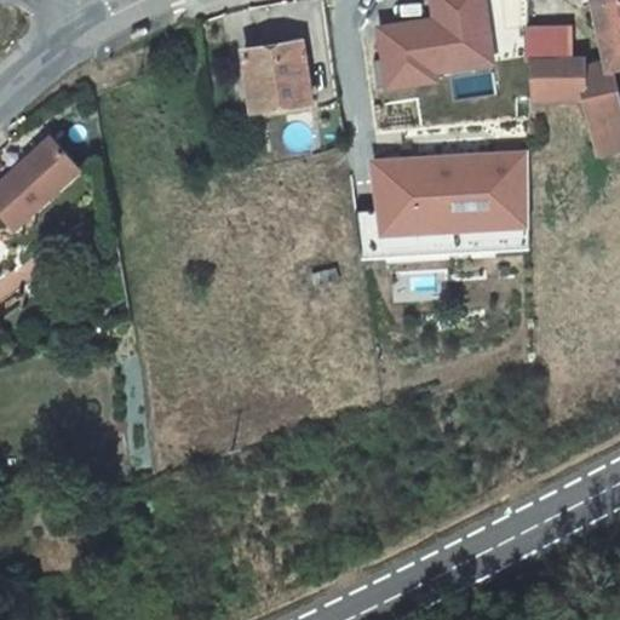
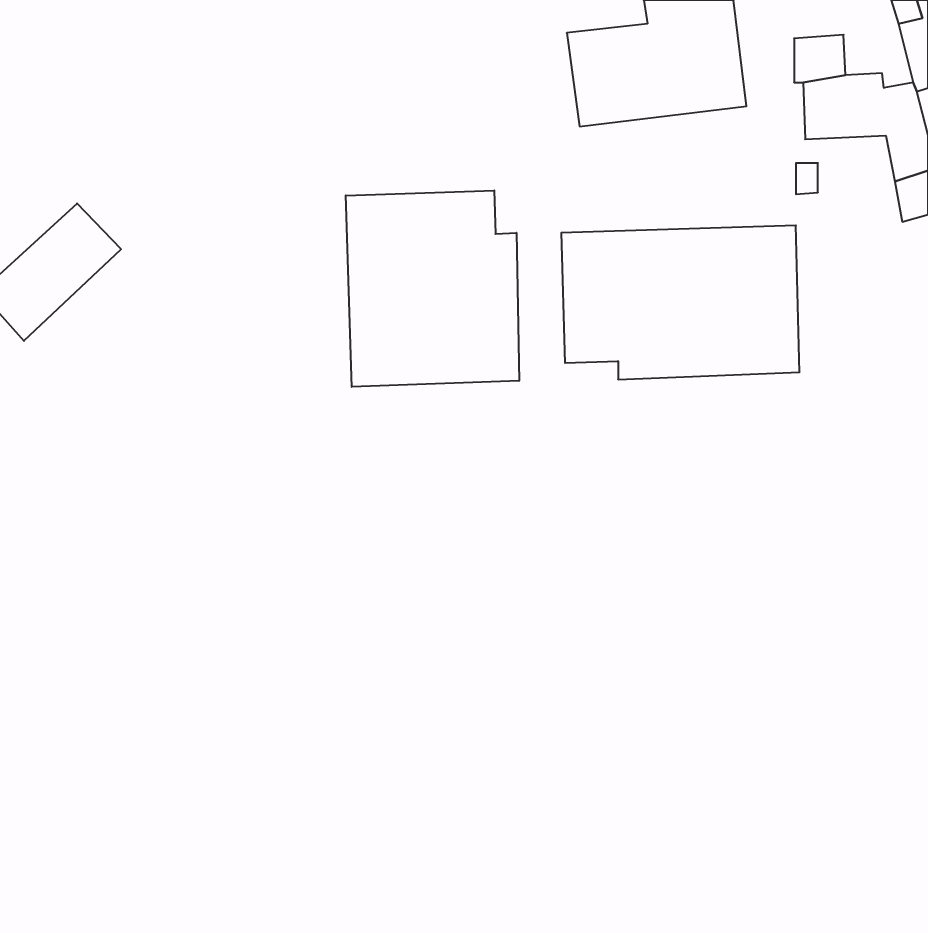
building: [257,47,318,105] -> none
building: none -> [346,190,519,387]

